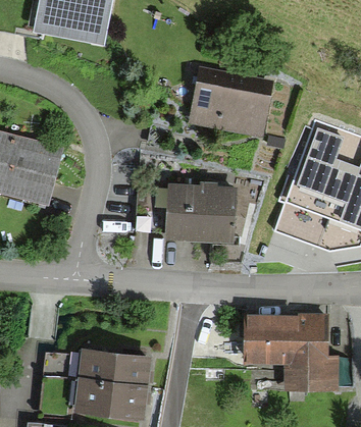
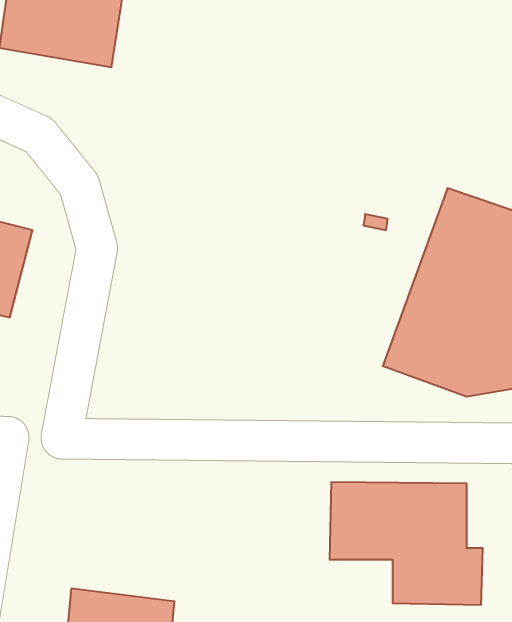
building: [189,70,267,136] -> none
building: [166,188,234,247] -> none
building: [80,344,149,383] -> none

